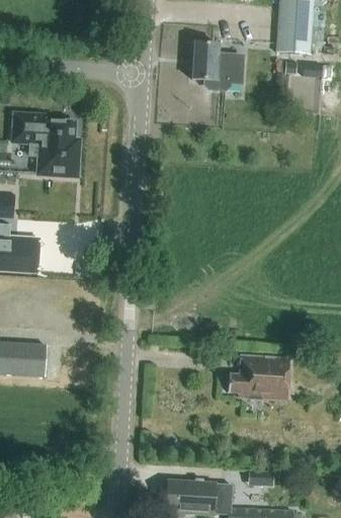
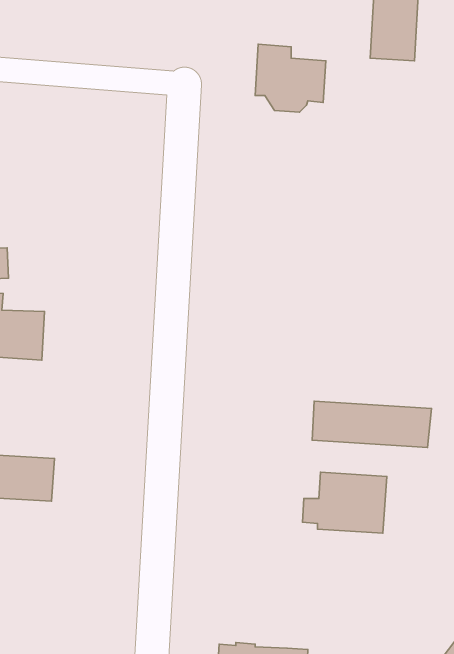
building: [12,113,79,176] -> none
building: none -> [312,401,431,447]

